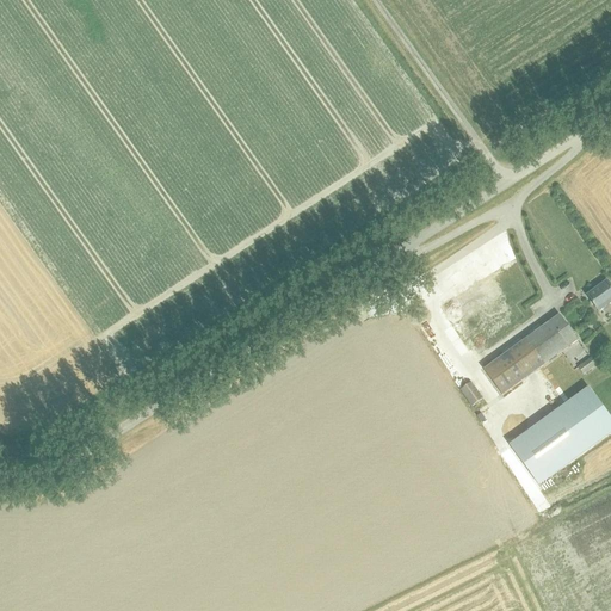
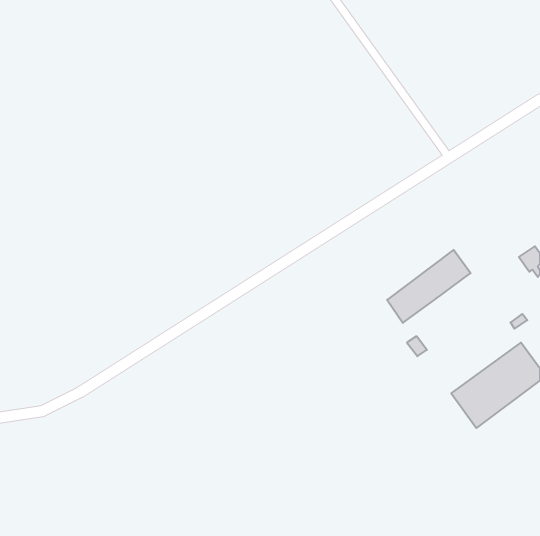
building: [483,310,578,393] -> [387,250,471,323]

